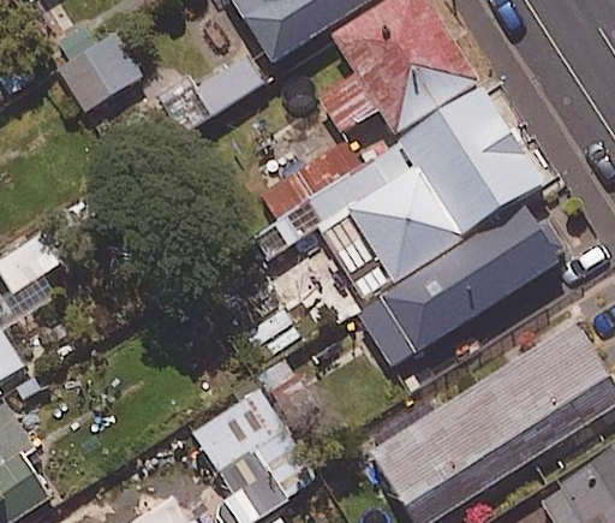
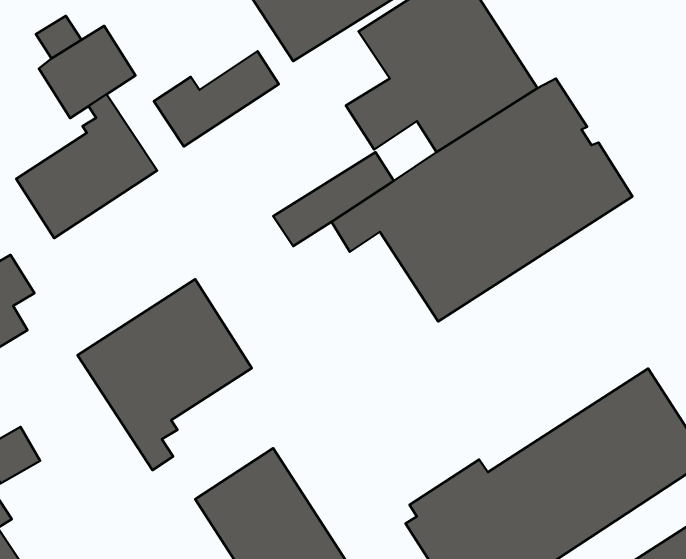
building: none -> [16,94,157,238]
building: [360,208,563,365] -> none
building: none -> [78,279,252,470]

